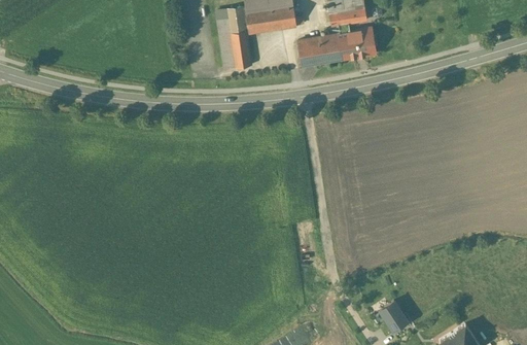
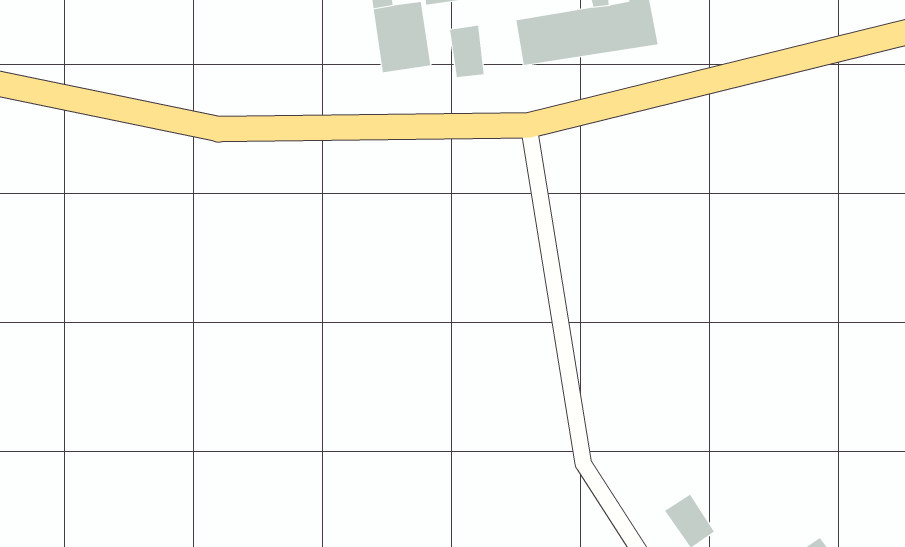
building: none -> [449,25,484,78]

